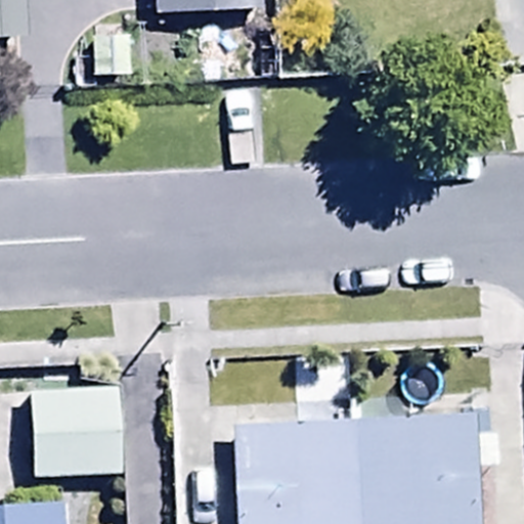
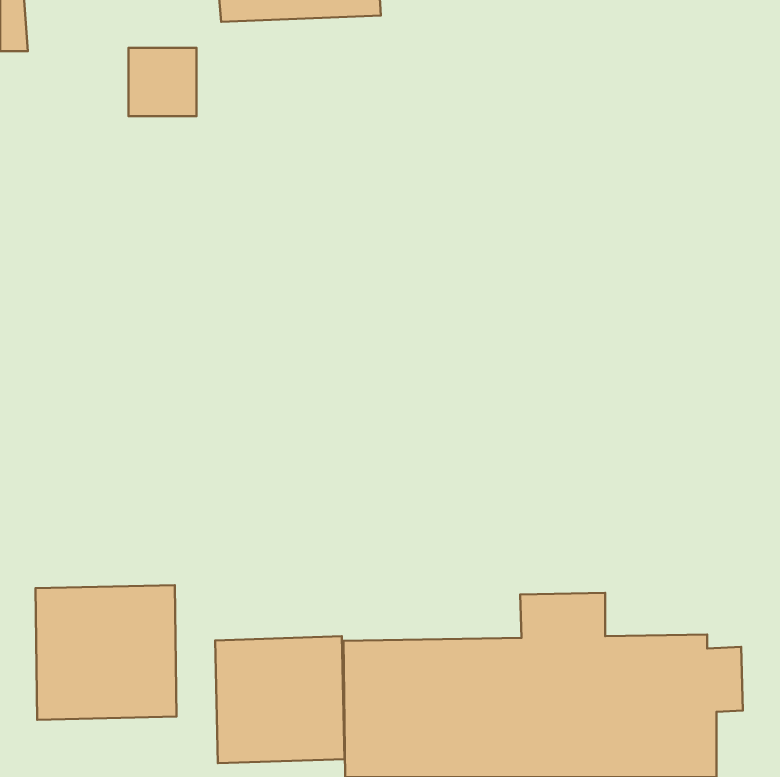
building: none -> [215,636,345,763]

